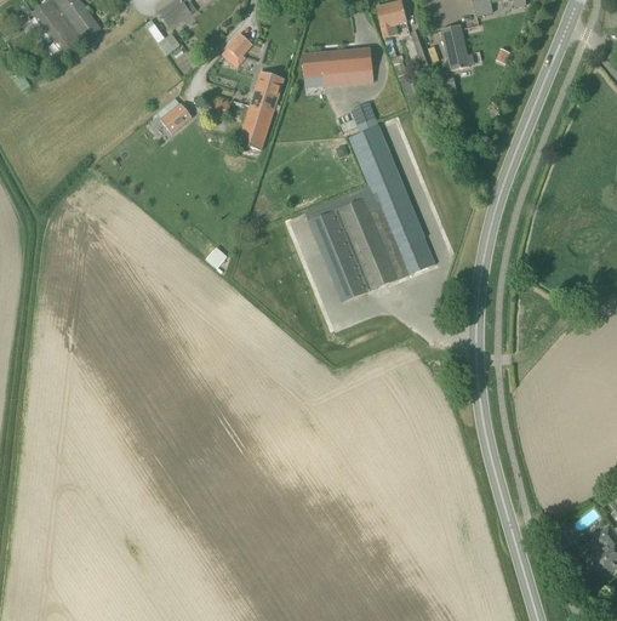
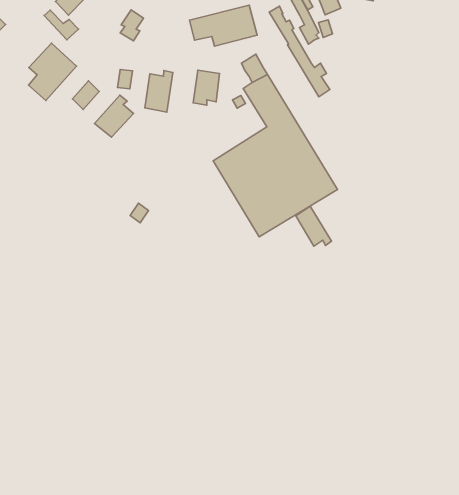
building: none -> [29,43,77,101]
building: [250,70,284,110] -> [193,70,220,105]
building: none -> [95,95,133,137]
building: none -> [296,206,331,246]

